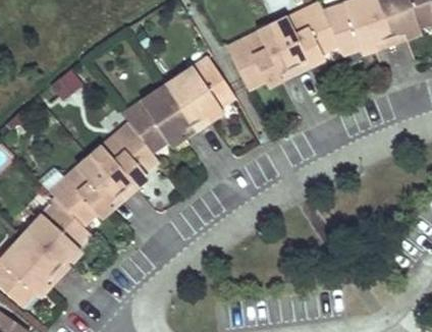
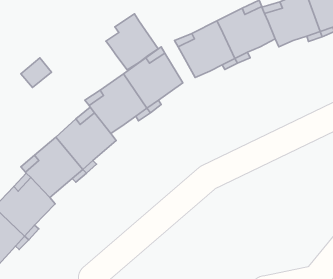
building: none -> [106,14,158,70]

